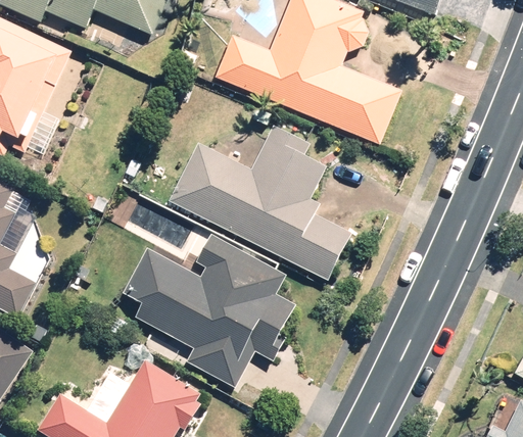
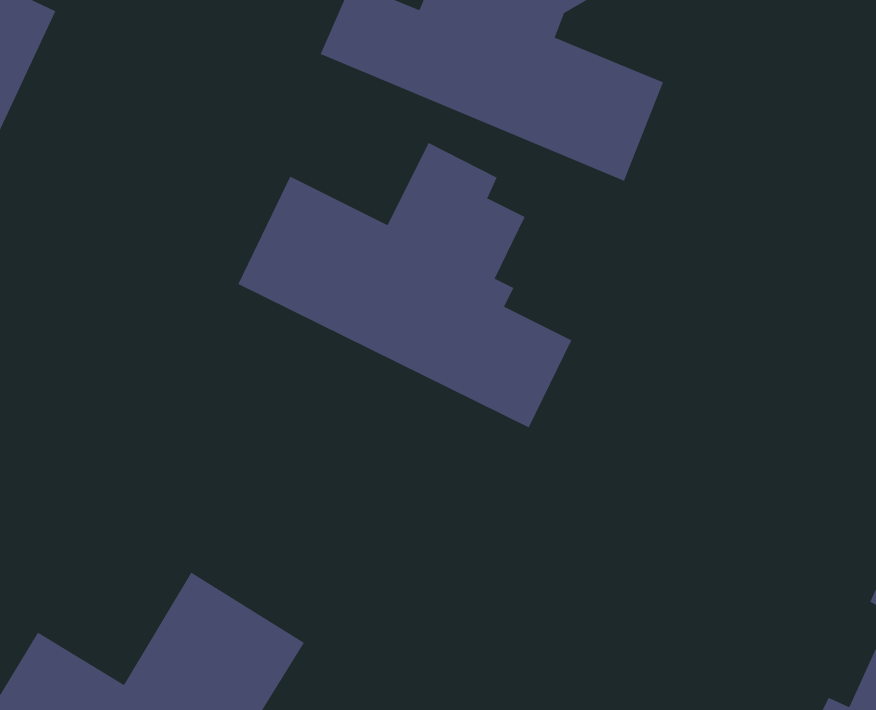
building: [121,234,294,389] -> none

